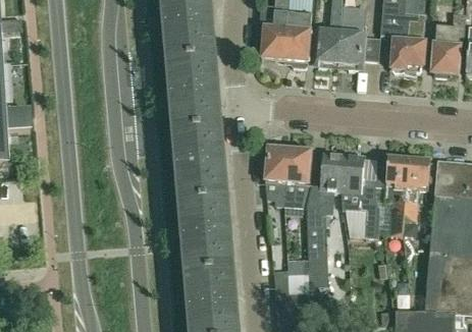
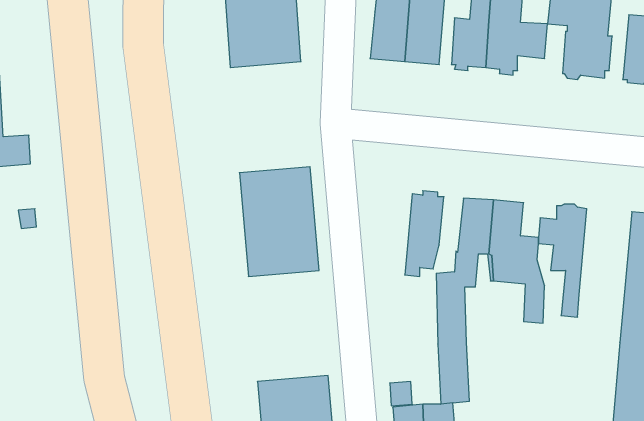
building: [166,60,220,135] -> none
building: [265,146,290,205] -> none
building: [403,159,430,219] -> none
building: [178,202,232,277] -> none

